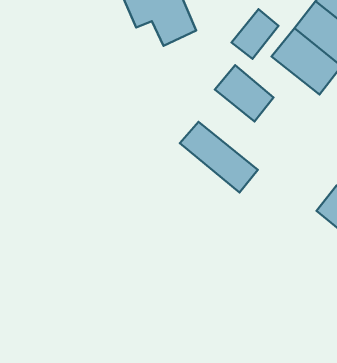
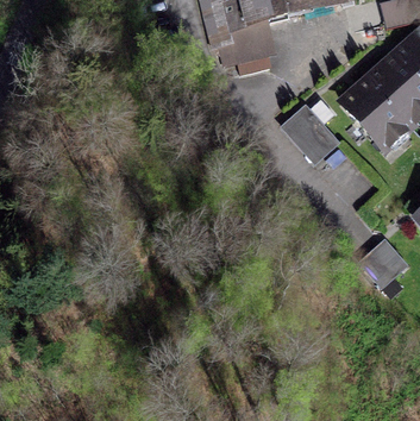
building: [232,9,278,59] -> none
building: [180,122,258,193] -> none

